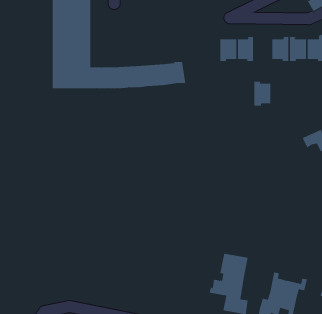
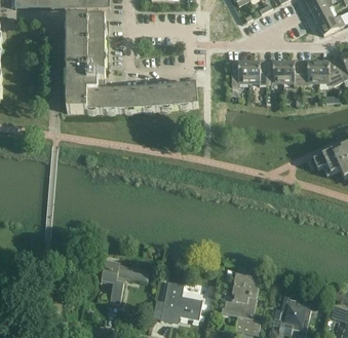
building: [254,81,271,106] -> [266,59,283,83]
building: none -> [102,258,150,302]
building: none -> [153,279,203,321]

